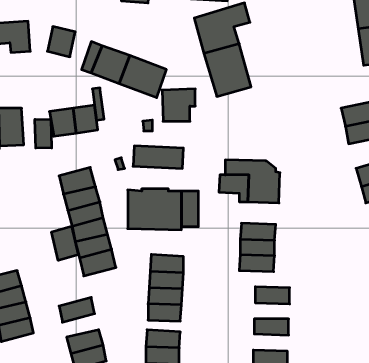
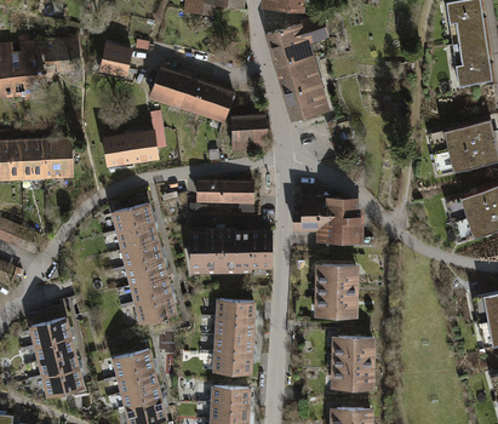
building: [35,119,52,148] -> none
building: [52,226,78,260] -> none
building: none -> [333,354,373,372]
building: none -> [116,366,158,393]

